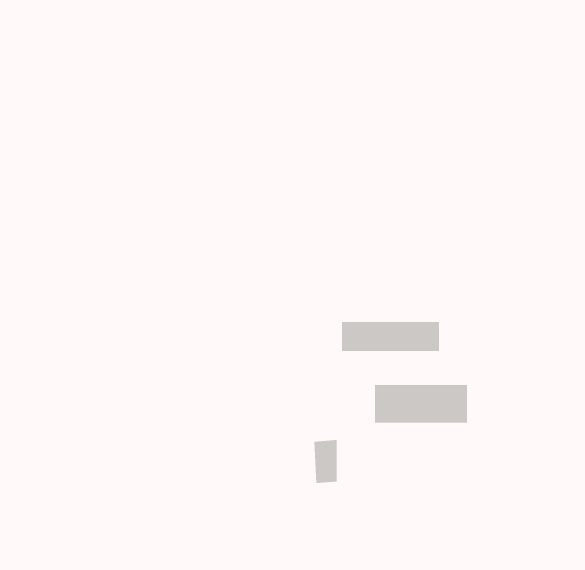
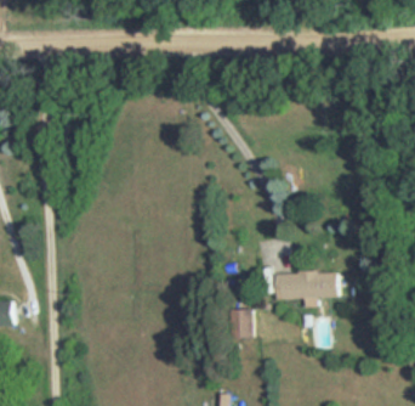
building: [341,321,439,352] -> none

